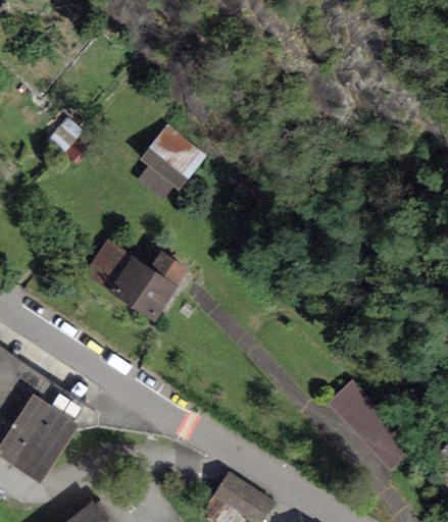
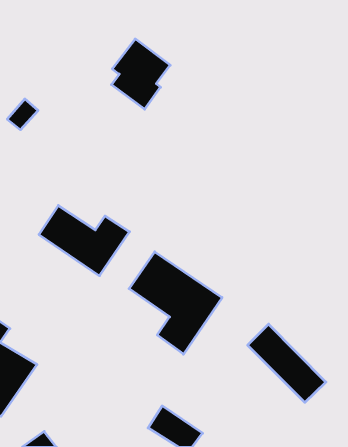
building: [138,124,206,206] -> [111,39,170,109]
building: none -> [129,252,222,354]

